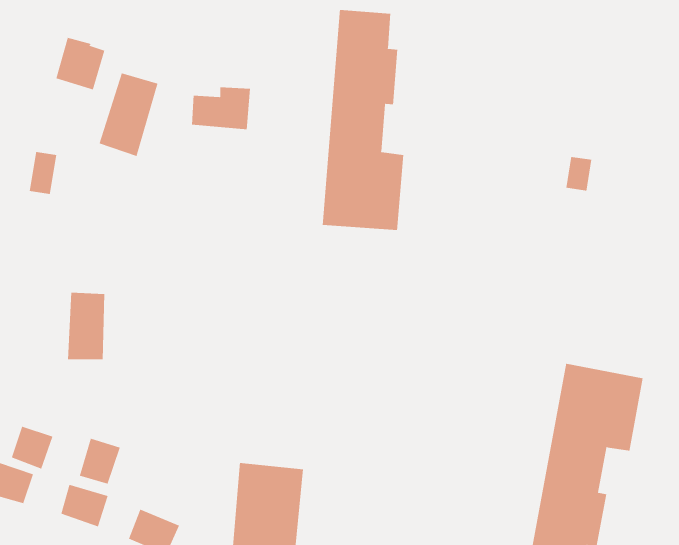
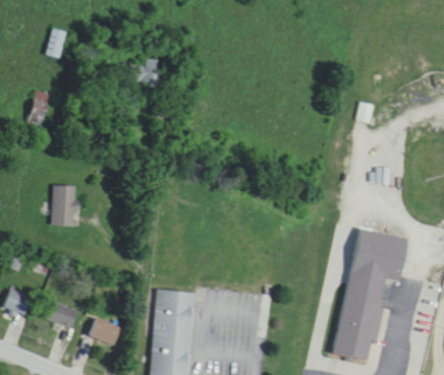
building: [322,9,404,231] -> none
building: [99,73,158,157] -> none
building: [11,426,53,470] -> none
building: [79,438,120,485] -> none

